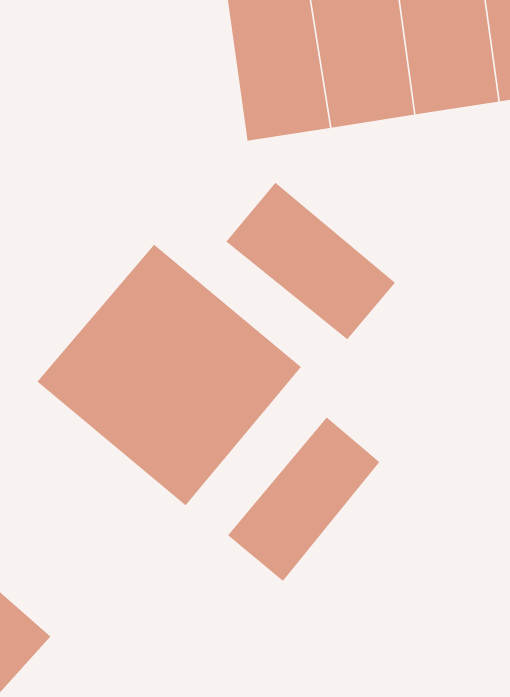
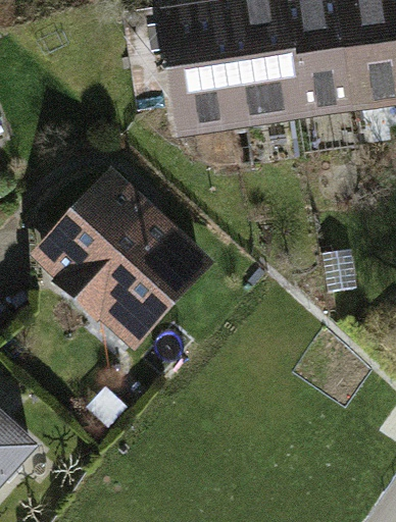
building: [226,182,396,340] -> none
building: [227,417,380,582] -> none

